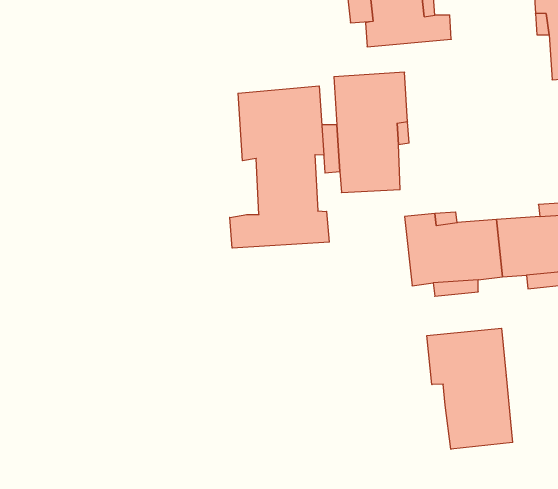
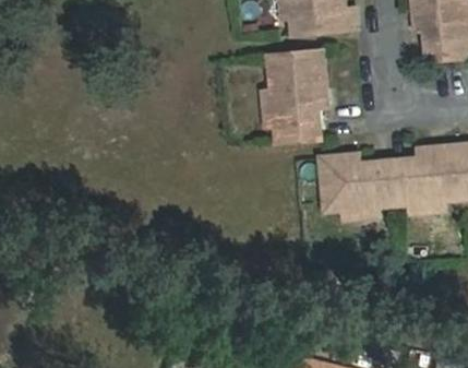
building: [230,86,329,248] -> none
building: [427,328,513,449] -> none

